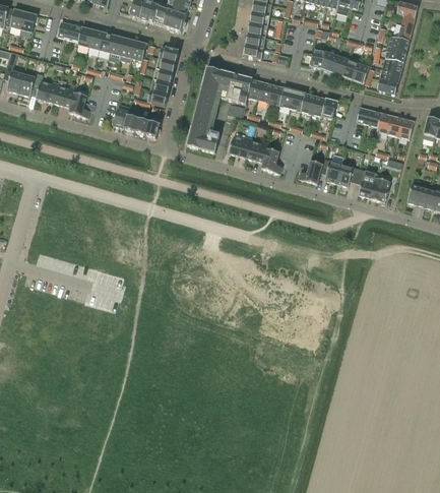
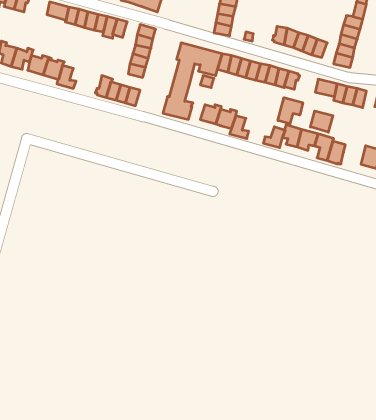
building: none -> [278,98,303,124]
building: none -> [310,111,333,132]

